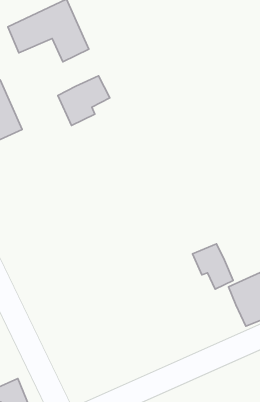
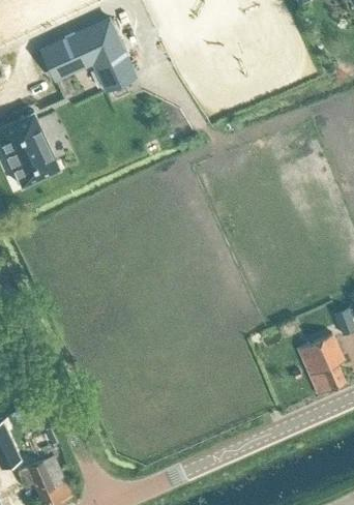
building: [58,76,110,125] -> none
building: [193,244,233,289] -> none

